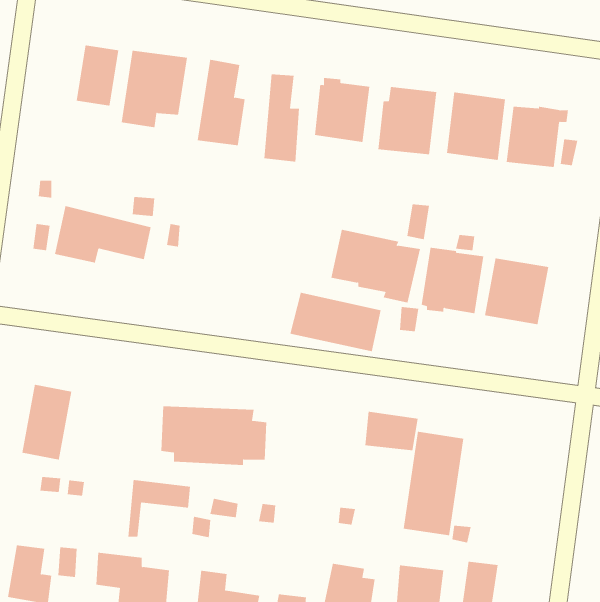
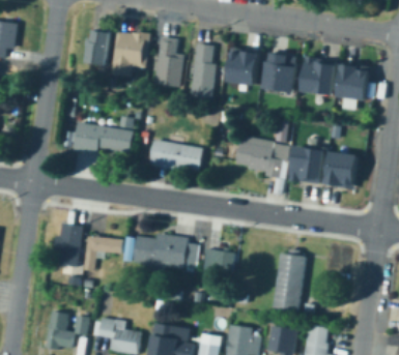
building: [289,292,382,352] -> [149,139,202,173]
building: [364,411,419,451] -> [203,248,234,271]
building: [127,479,191,537] -> [85,235,121,268]

